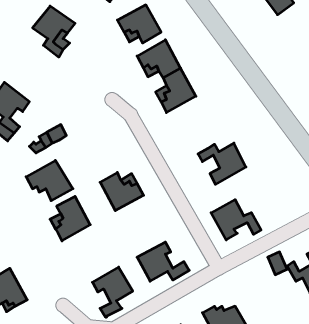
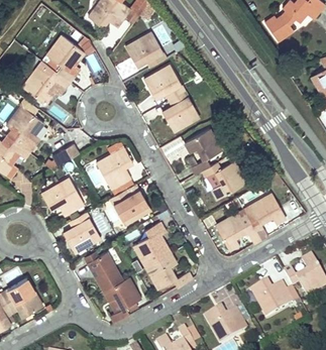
building: none -> [23,66,72,103]
building: none -> [184,128,221,174]
building: none -> [96,145,131,188]
building: none -> [248,194,285,241]
building: none -> [132,220,171,266]
building: none -> [82,254,127,289]
building: none -> [250,285,299,321]

